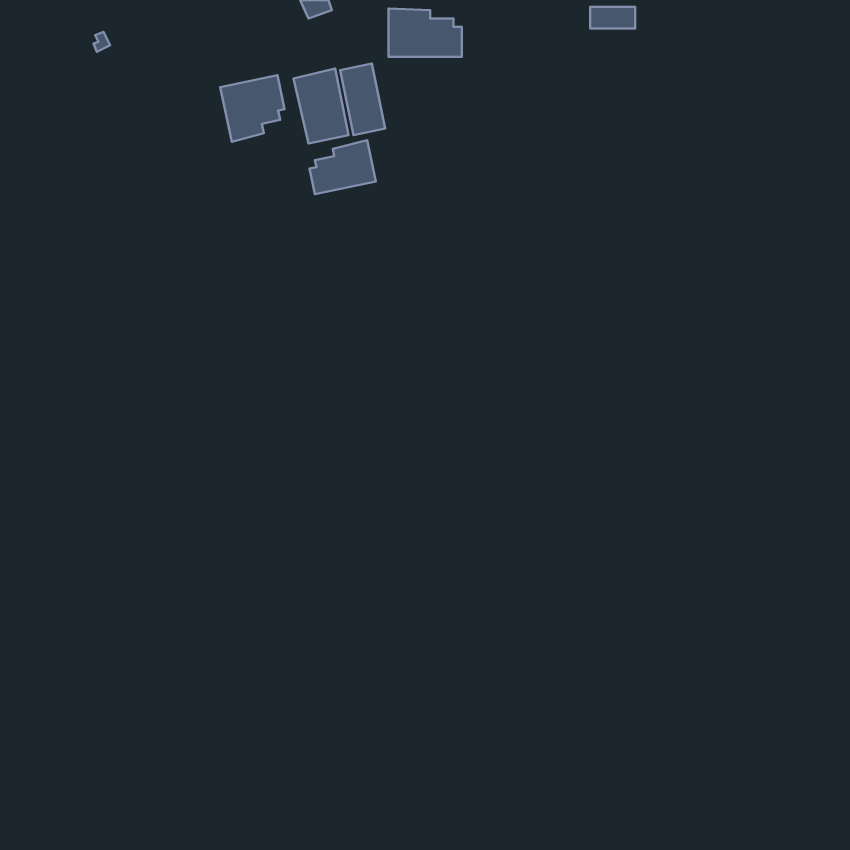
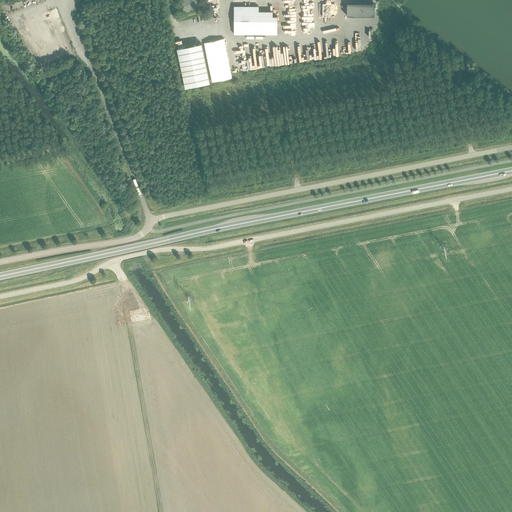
building: [220,75,285,142] -> none
building: [310,140,376,194] -> none

